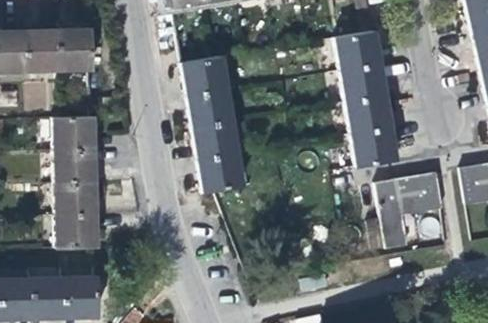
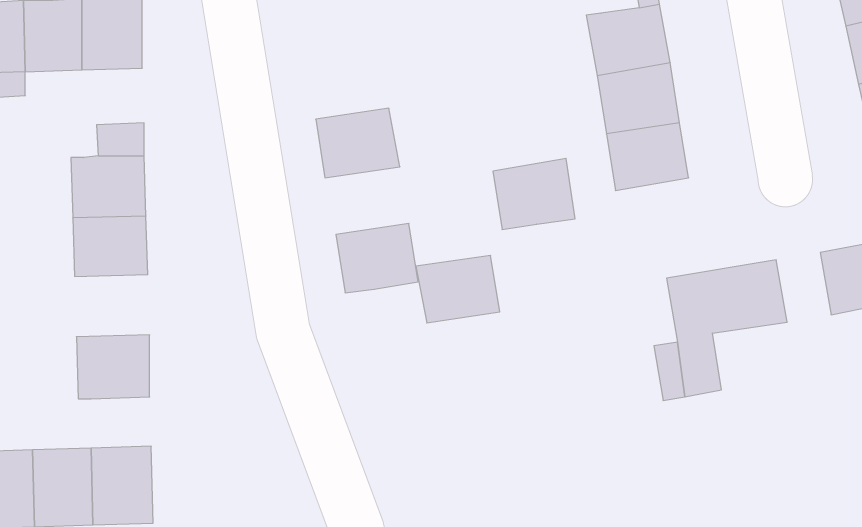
building: [182,57,227,96] -> none
building: [192,122,238,159] -> [416,255,500,323]
building: [351,128,396,167] -> [493,158,575,230]
building: [55,181,96,215] -> none

